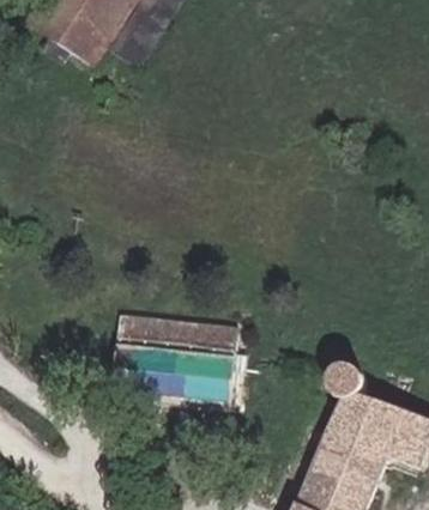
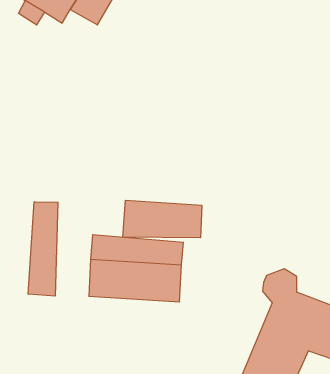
building: none -> [123,200,202,238]
building: none -> [28,202,58,296]

